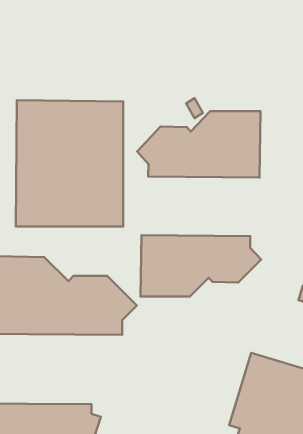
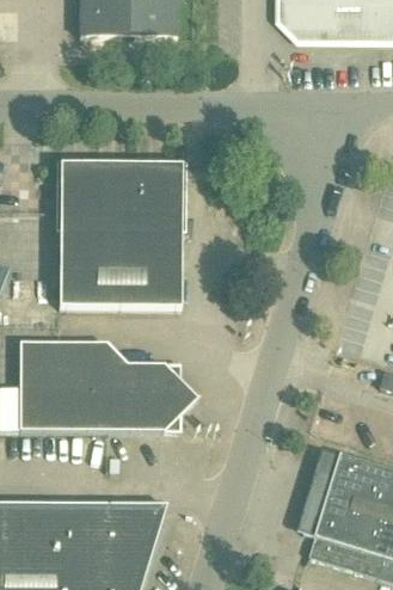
building: [137,111,260,178] -> none
building: [140,235,261,297] -> none

